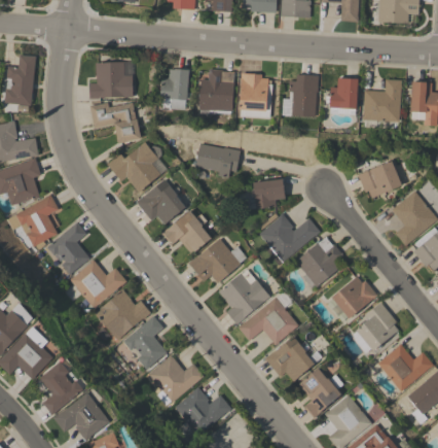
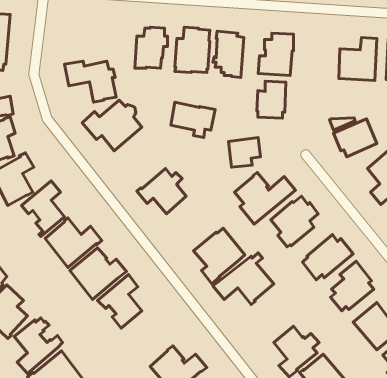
building: [88,61,133,98] -> none
building: [329,77,358,114] -> [257,81,286,118]
building: [136,178,185,223] -> none
building: [188,238,246,282] -> none
building: [265,335,322,381] -> none
building: [148,354,204,405] -> none

